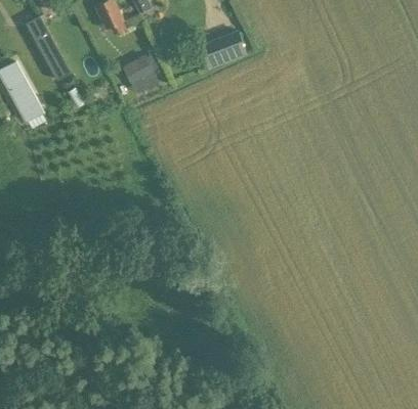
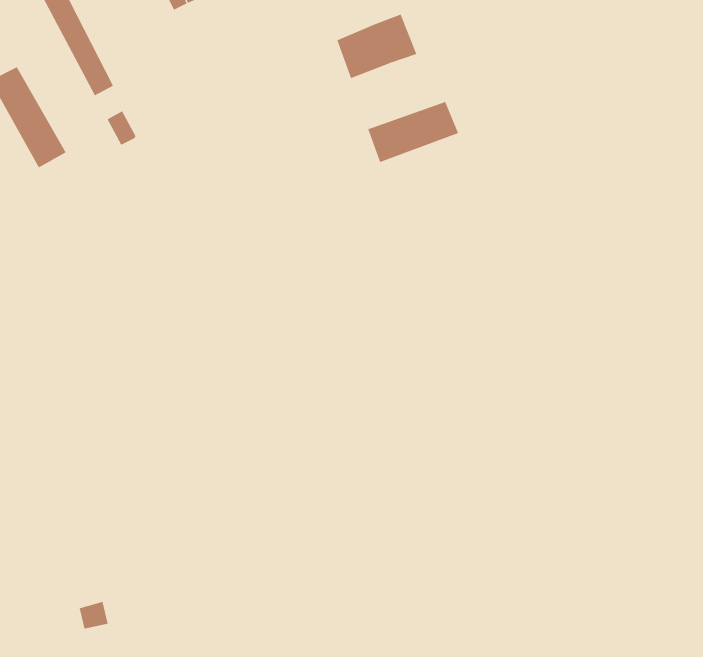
building: [122,54,156,85] -> none
building: none -> [367,101,459,163]

